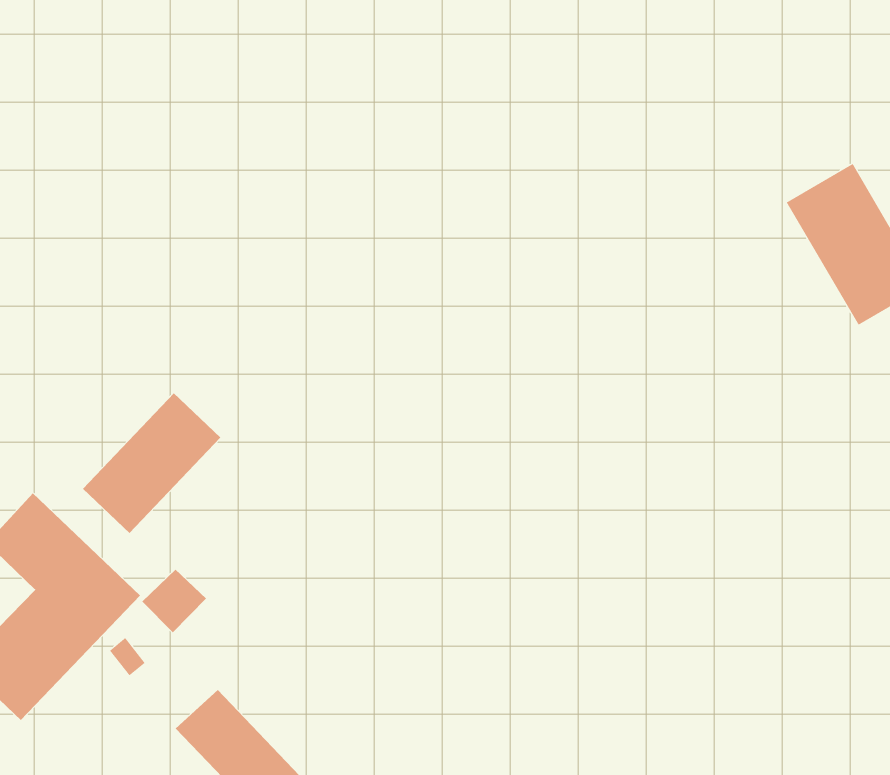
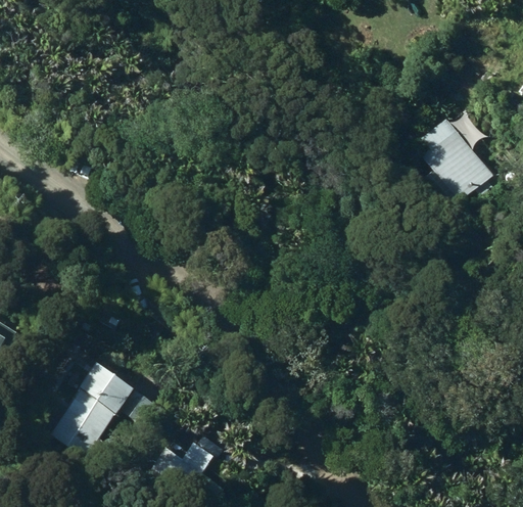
building: [82,393,221,534] -> none

